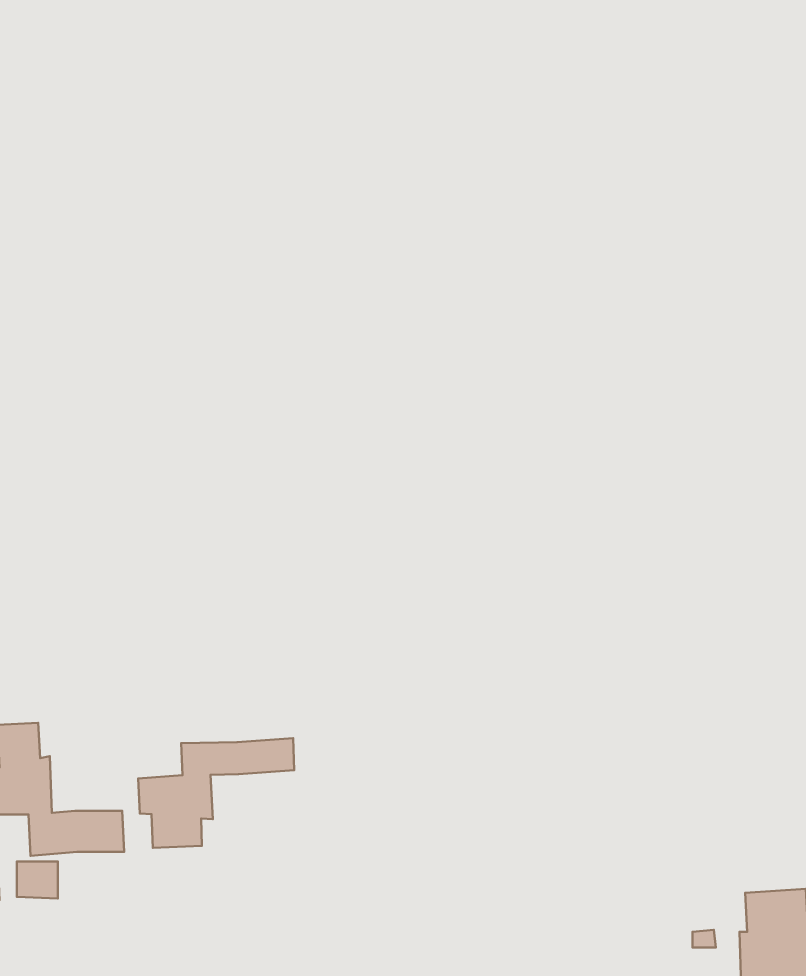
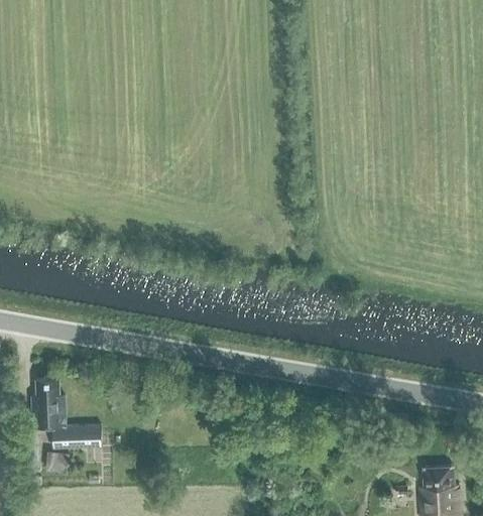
building: [138,738,294,848] -> none

